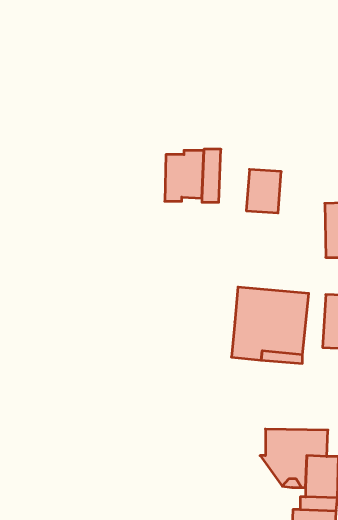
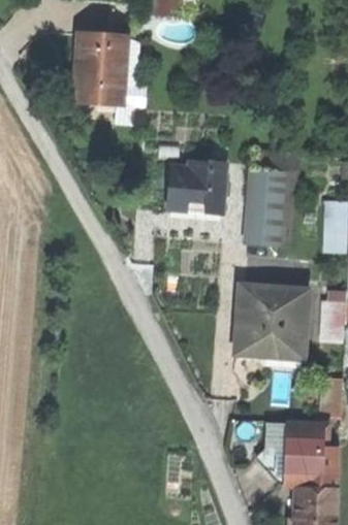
building: none -> [74,35,125,103]
building: none -> [246,210,279,245]

